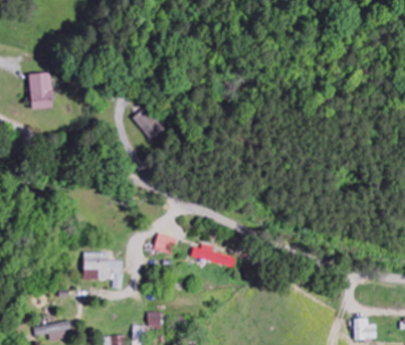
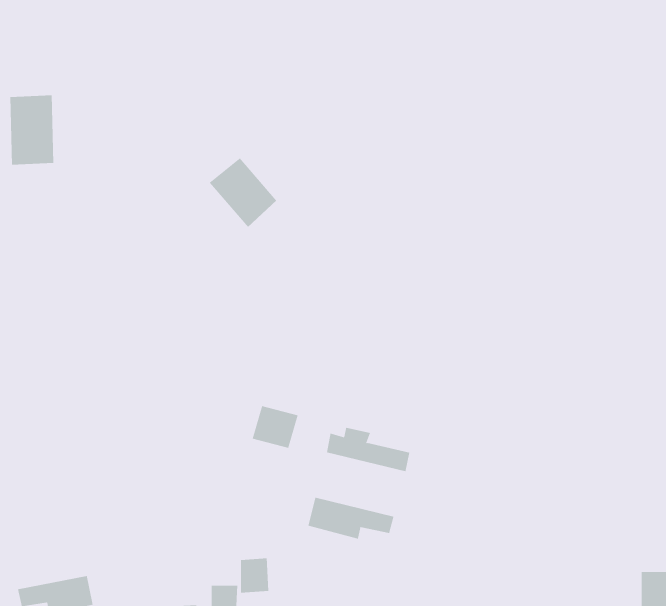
building: [83,251,123,289] -> none
building: none -> [308,497,394,540]

